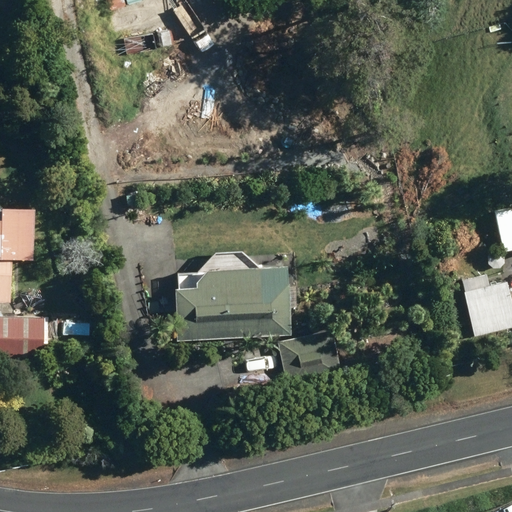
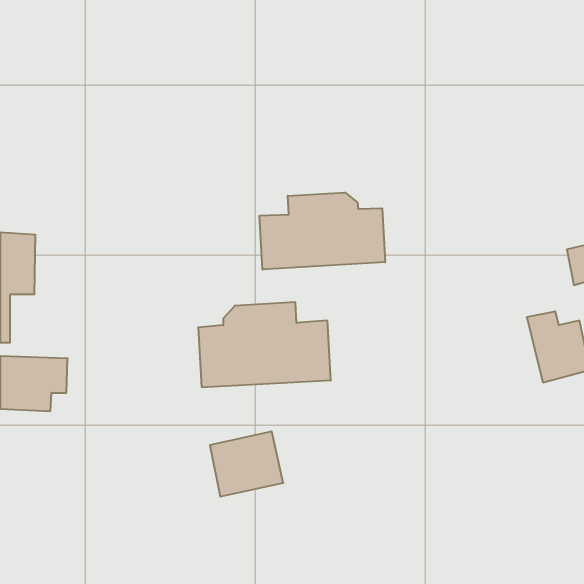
building: none -> [260,192,385,270]
building: [278,329,342,386] -> [210,431,283,497]

